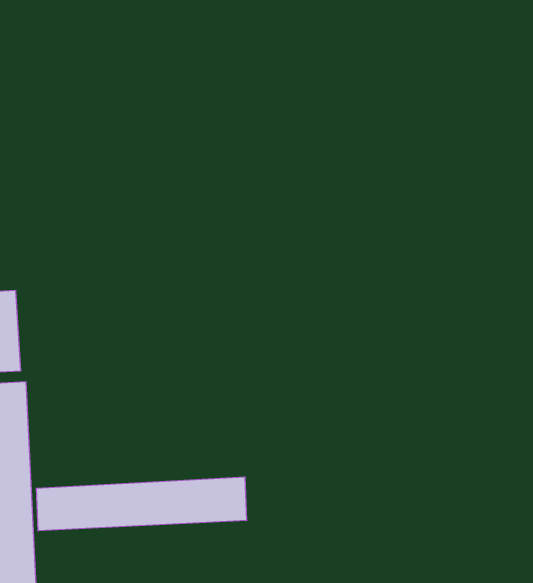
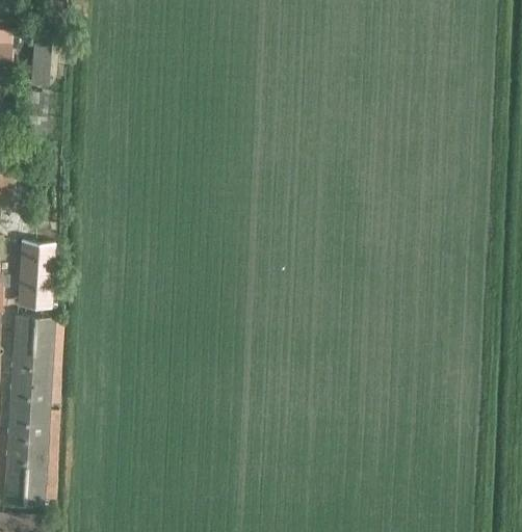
building: [37,477,247,531] -> none

